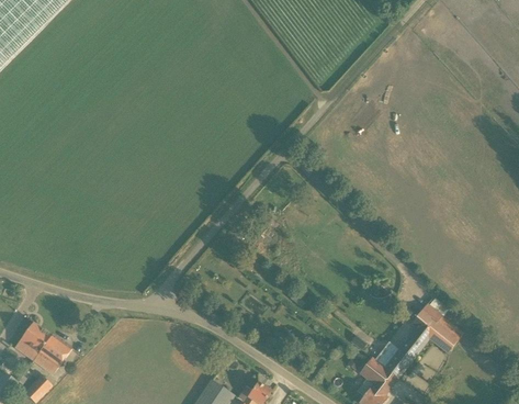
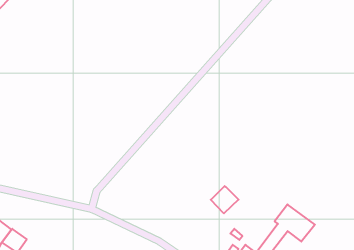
building: none -> [211,186,239,213]

